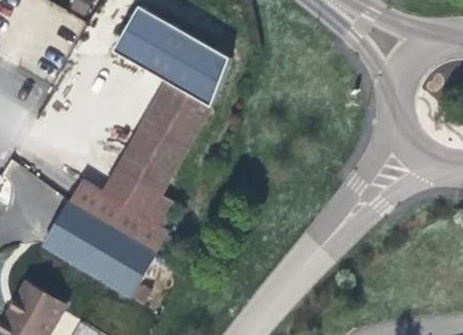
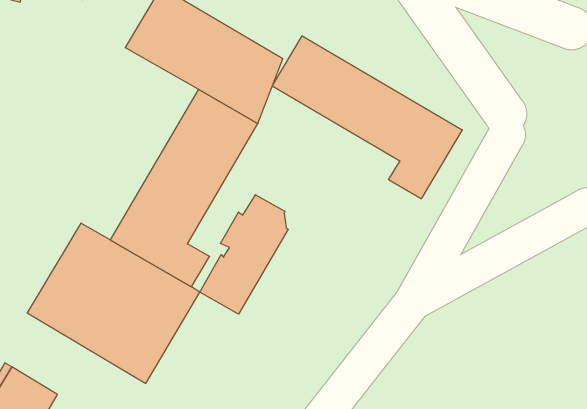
building: none -> [272,36,462,199]
building: none -> [200,195,288,314]

